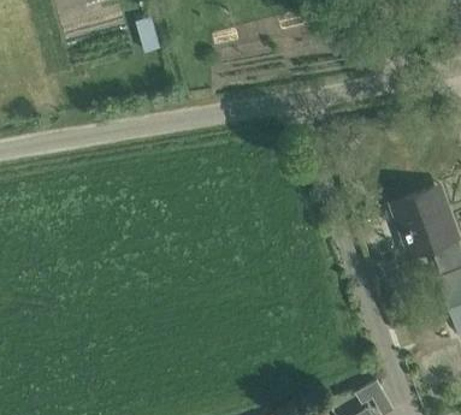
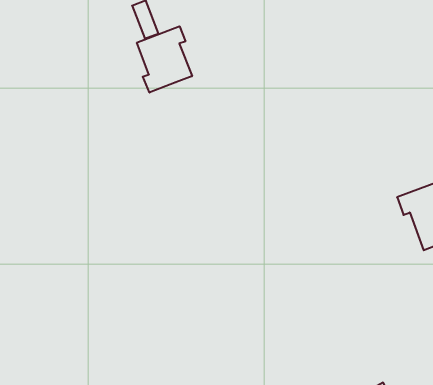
building: none -> [137,26,192,93]

